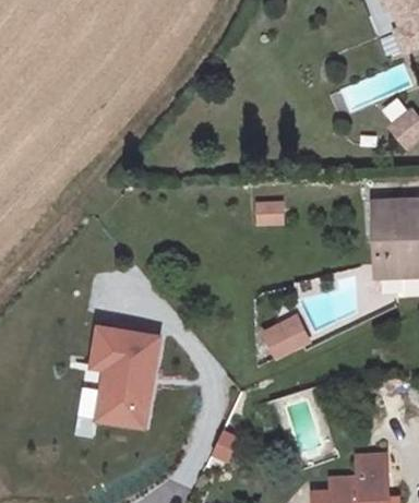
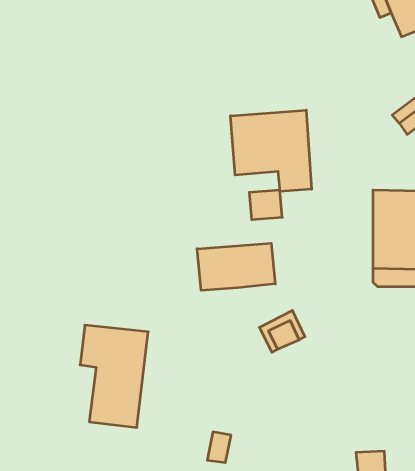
building: none -> [231,110,312,191]
building: none -> [197,243,275,290]

